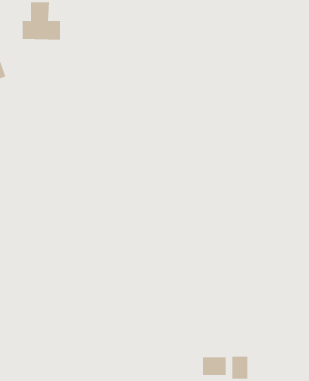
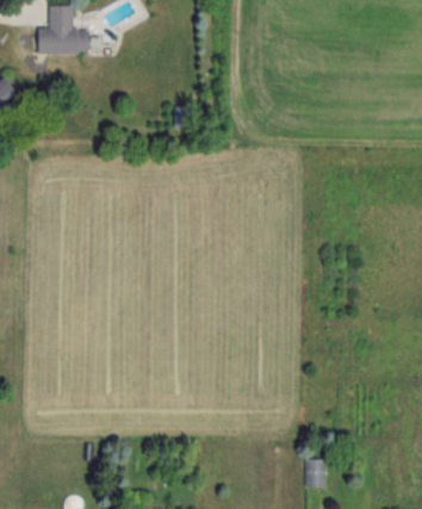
building: [202,356,226,376] -> none

